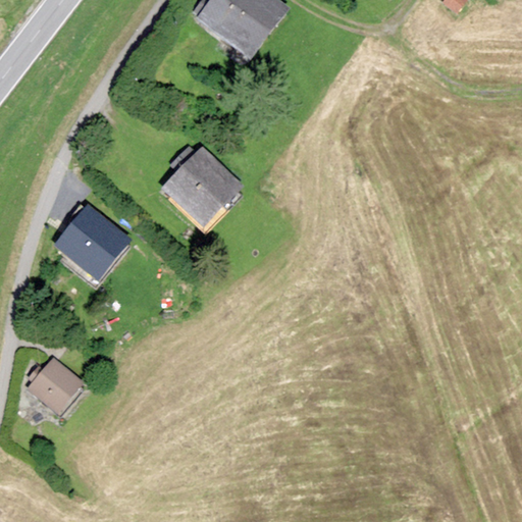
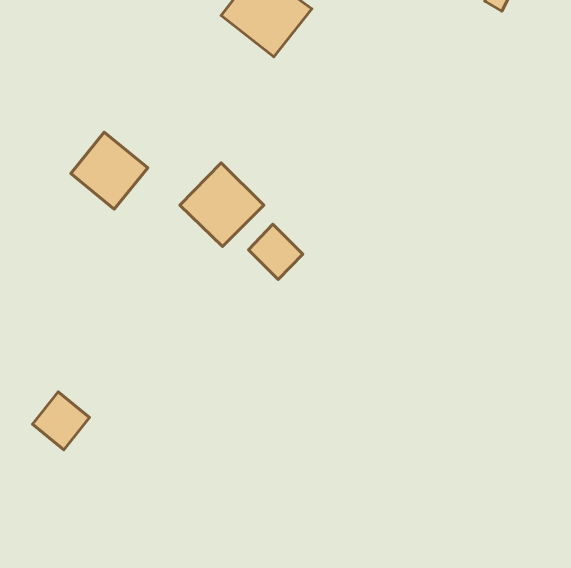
building: none -> [248,224,303,280]
building: [57,208,127,278] -> [71,132,148,209]

